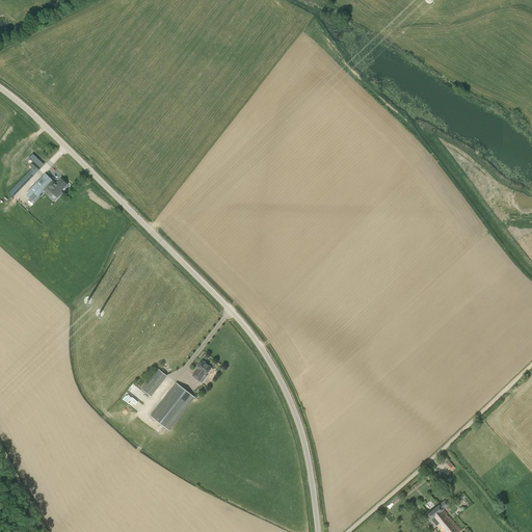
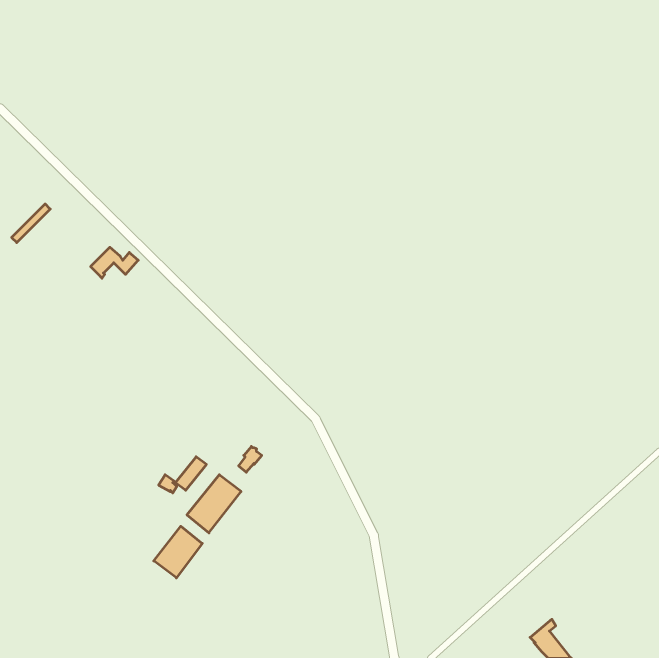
building: [29,172,68,197] -> [91,247,138,278]
building: none -> [154,526,202,578]

